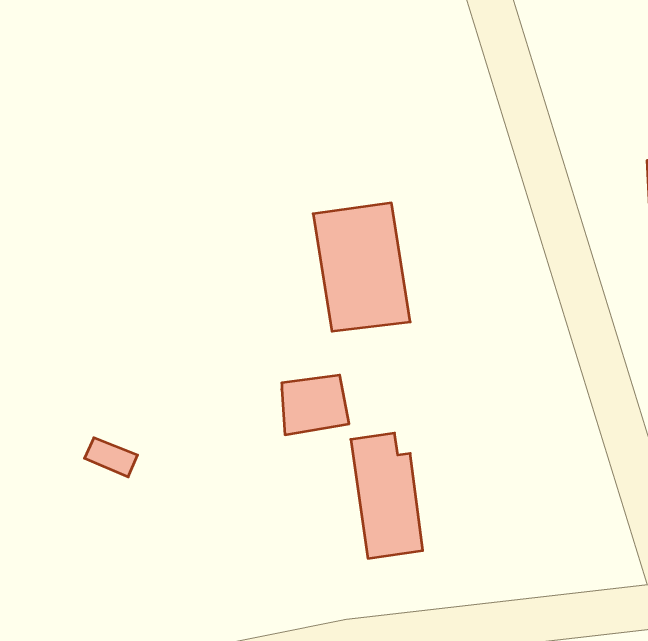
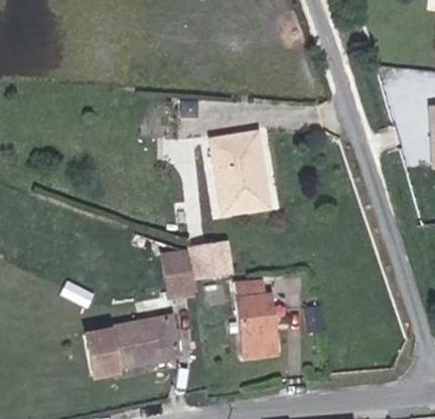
building: none -> [162,252,196,301]
building: none -> [82,320,175,380]

